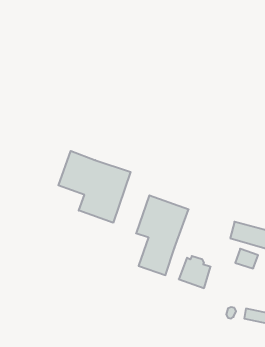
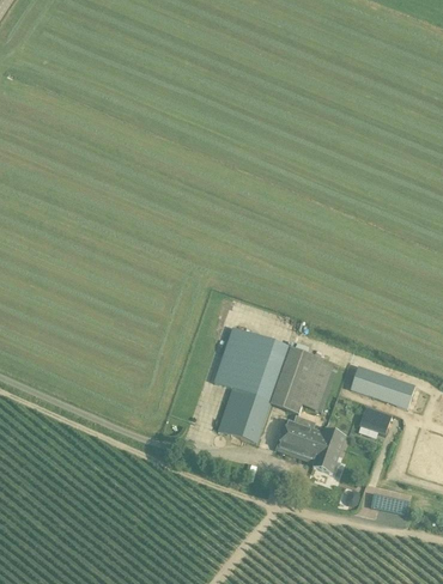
building: [58,151,131,223] -> none
building: none -> [269,348,336,414]
building: none -> [311,430,344,473]

